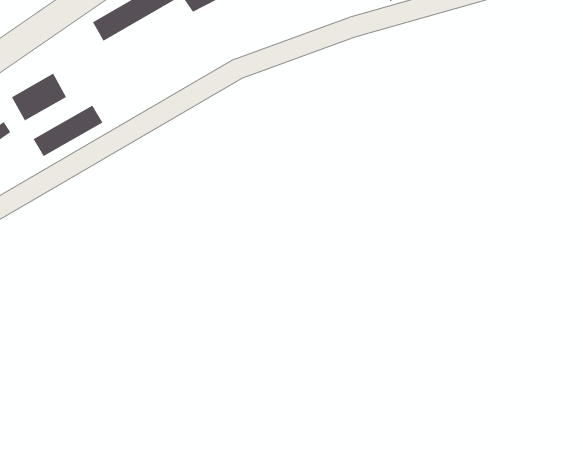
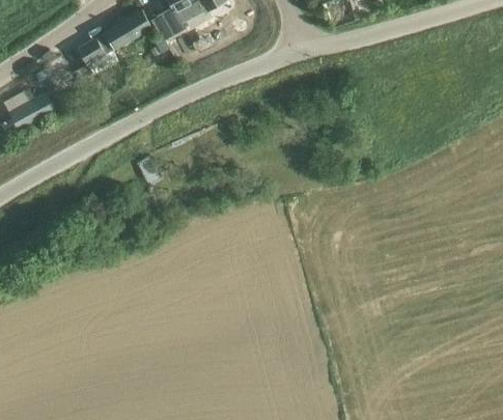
building: [33,105,103,157] -> none

